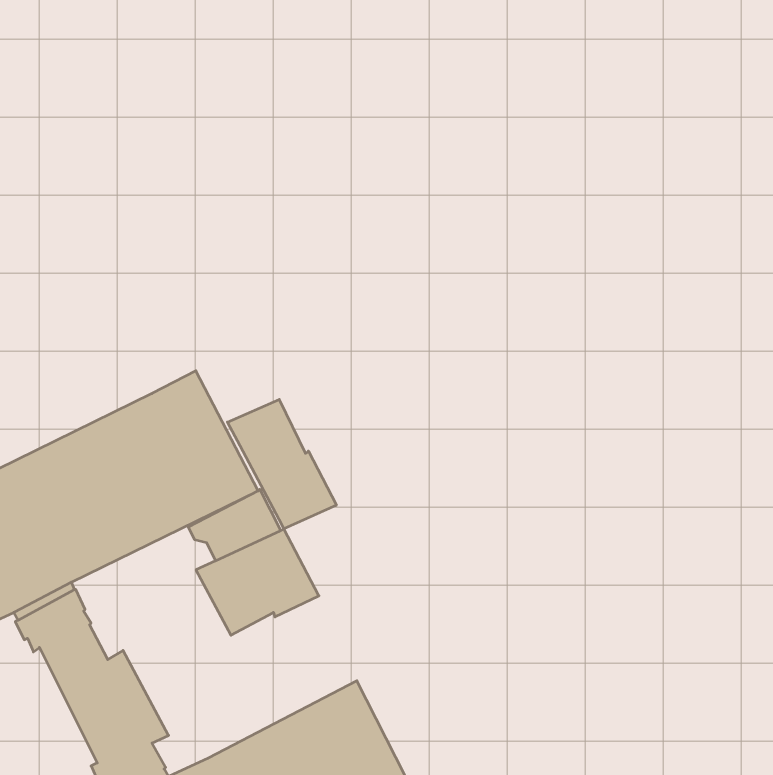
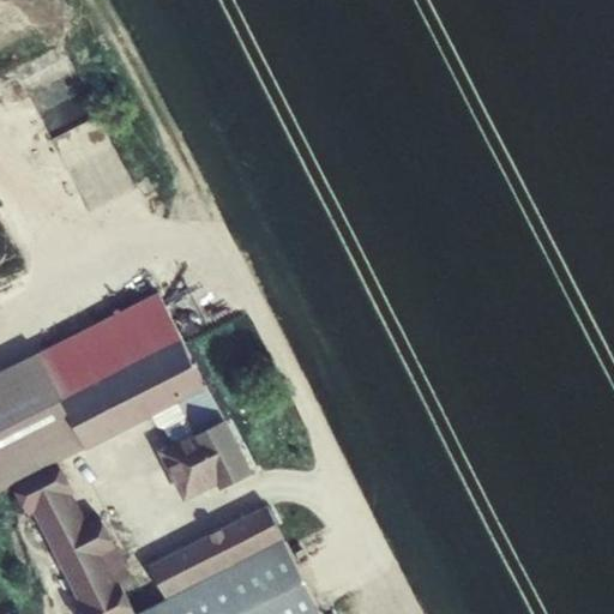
building: [227,399,336,529] -> none
building: none -> [148,505,282,600]

